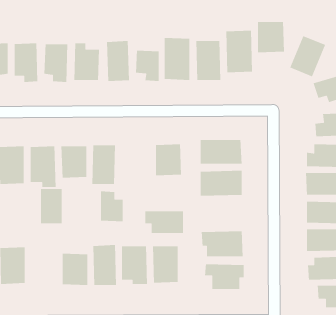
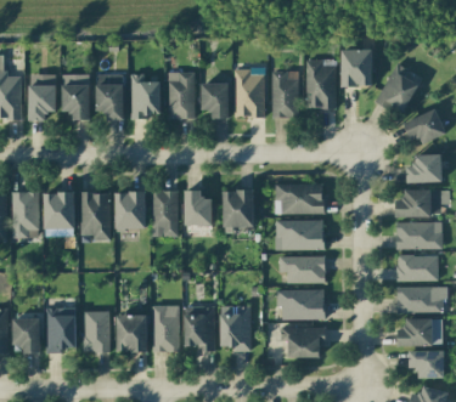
building: [40,188,62,224] -> [84,311,109,352]
building: [100,190,124,222] -> [185,189,212,226]
building: [144,210,184,234] -> [280,256,325,283]

